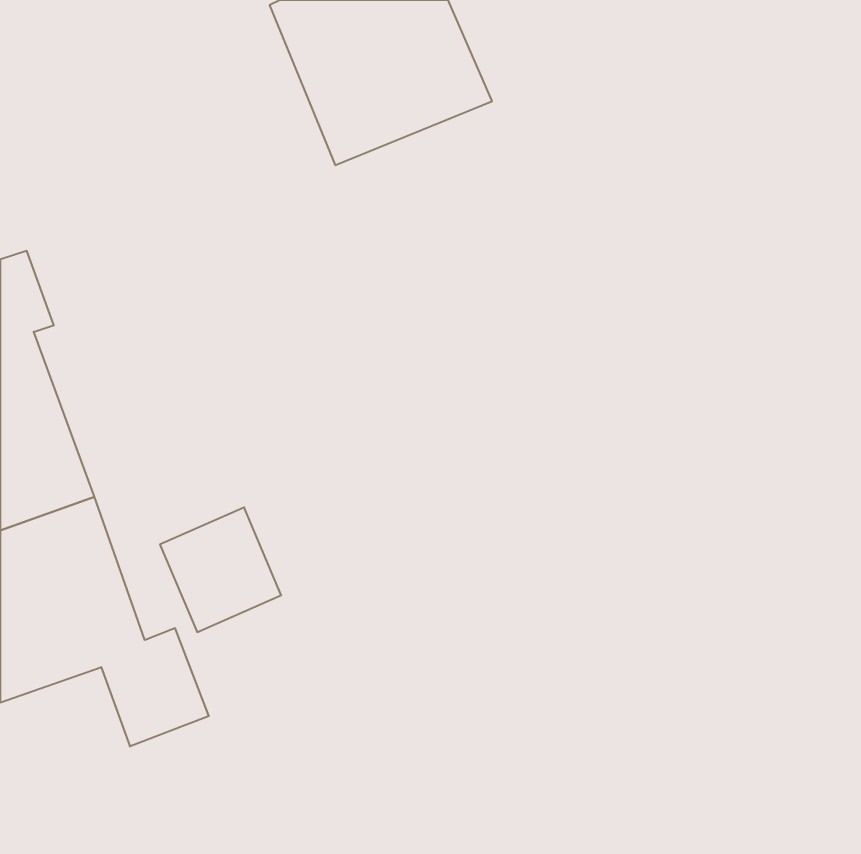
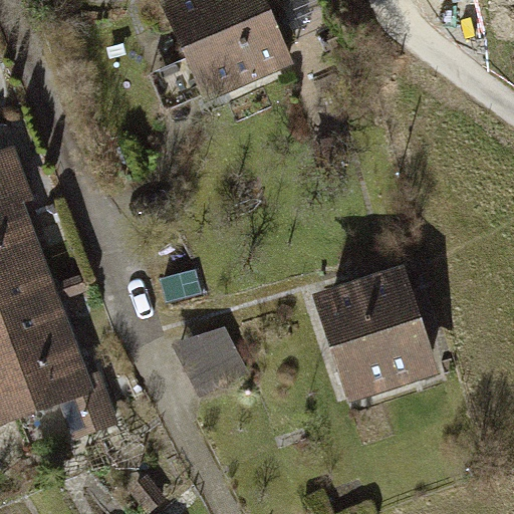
building: none -> [310,258,439,404]
building: [160,507,281,632] -> [179,322,251,397]

